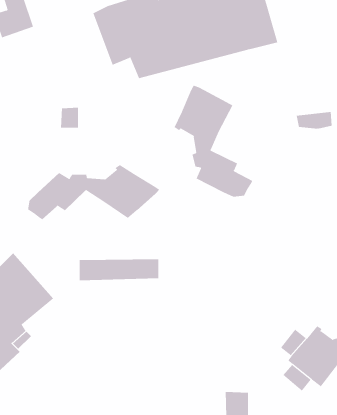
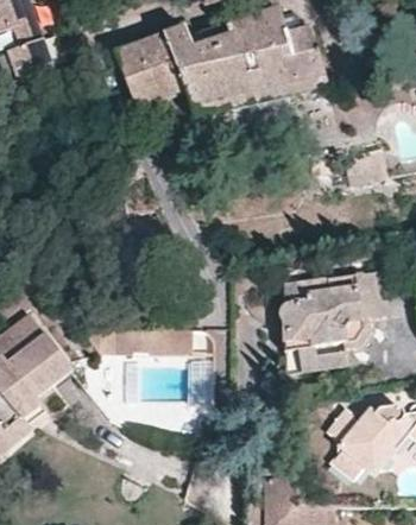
building: [174,85,253,198] -> none
building: [28,164,160,220] -> none
building: none -> [284,267,386,371]

